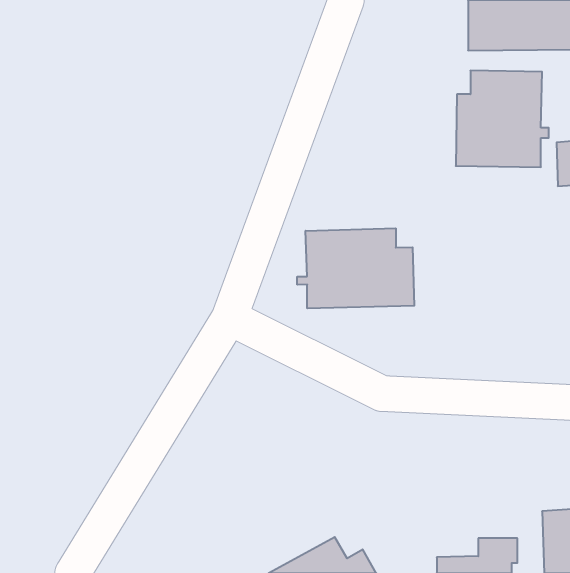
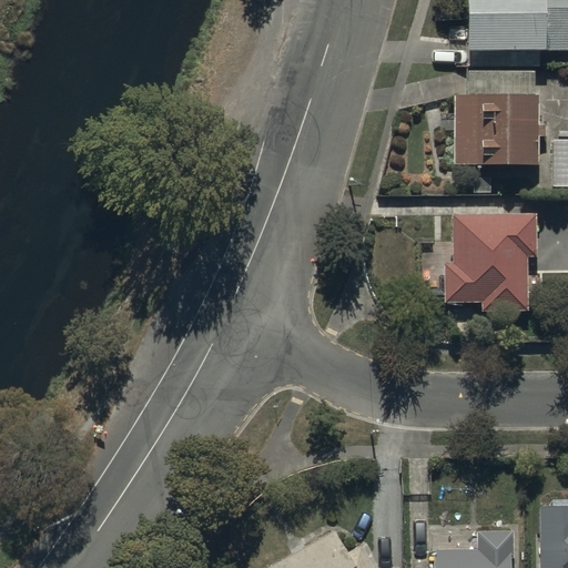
building: none -> [445,214,545,312]
building: [297,228,414,308] -> none

